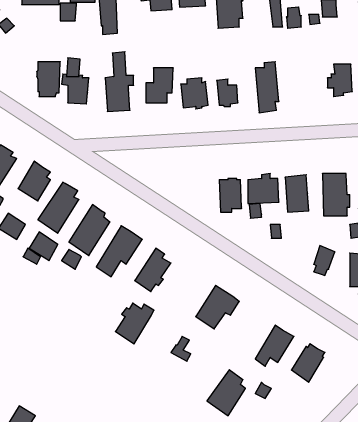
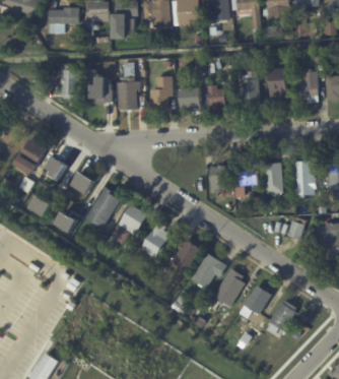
building: none -> [267,68,285,101]
building: [115,303,154,344] -> [171,239,202,272]
building: [207,370,245,416] -> [213,268,245,306]

